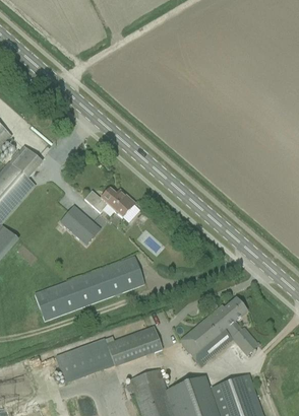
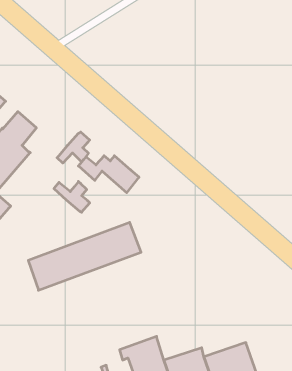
building: none -> [57,132,90,163]
building: [178,296,258,364] -> none
building: [59,325,162,382] -> none

